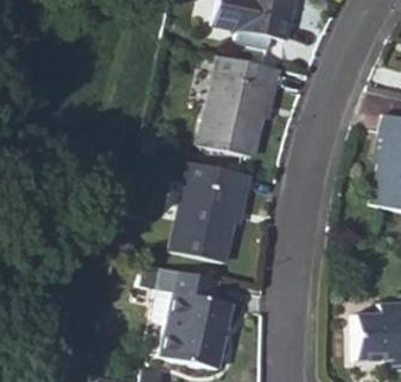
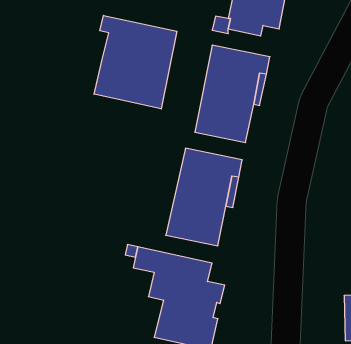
building: none -> [94,15,177,109]

